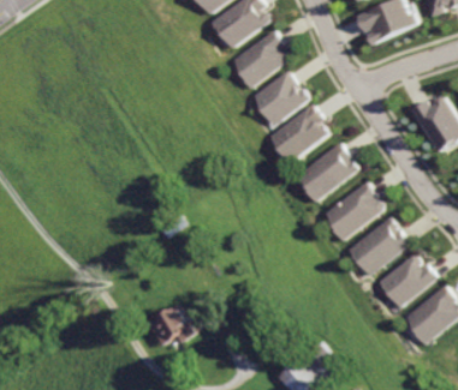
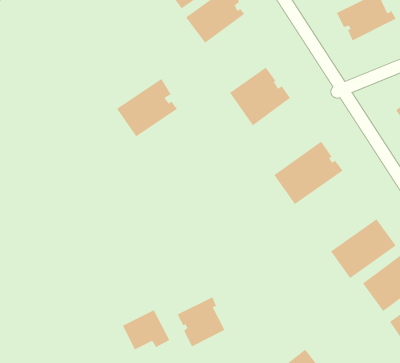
building: [226,30,286,88] -> [116,78,178,137]
building: [267,102,329,163] -> none
building: [322,181,386,240] -> none
building: none -> [177,296,225,347]

